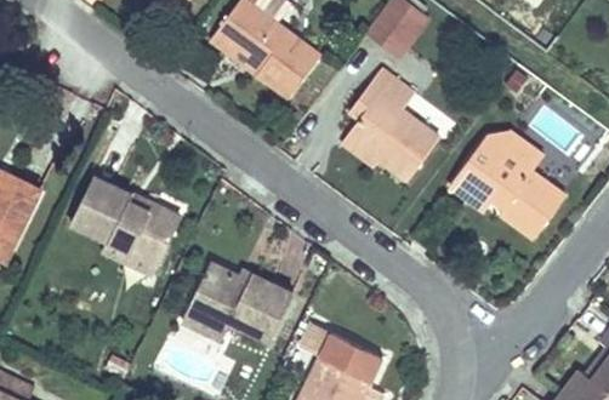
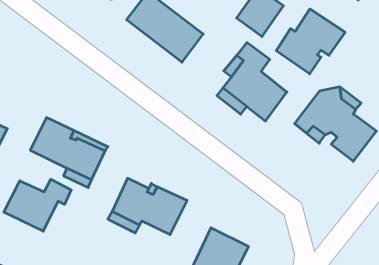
building: none -> [276,9,345,74]
building: none -> [4,179,71,231]

